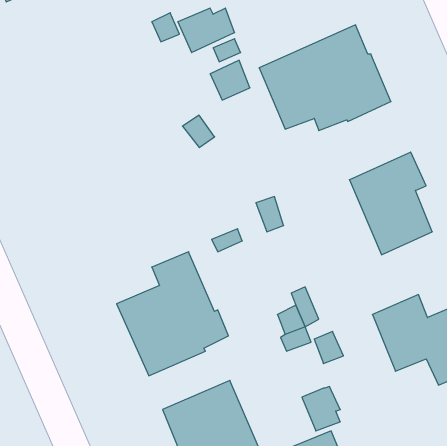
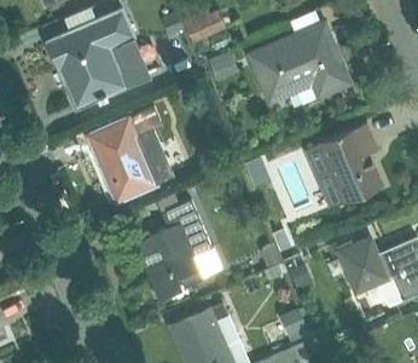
building: none -> [47,8,150,106]
building: none -> [87,106,173,202]

